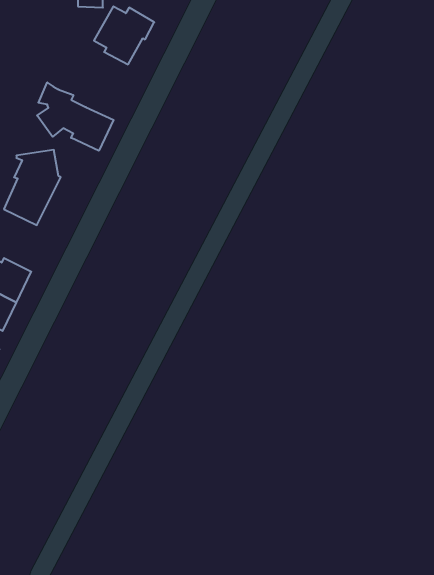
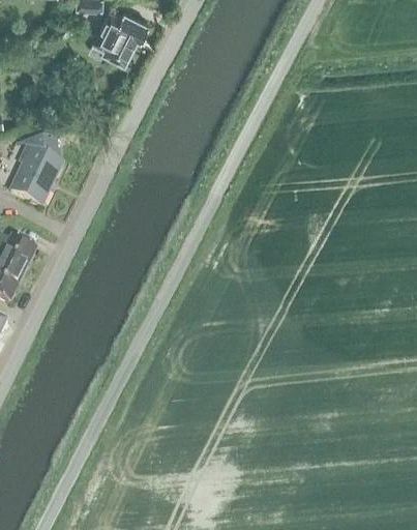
building: [37,82,114,151] -> none

